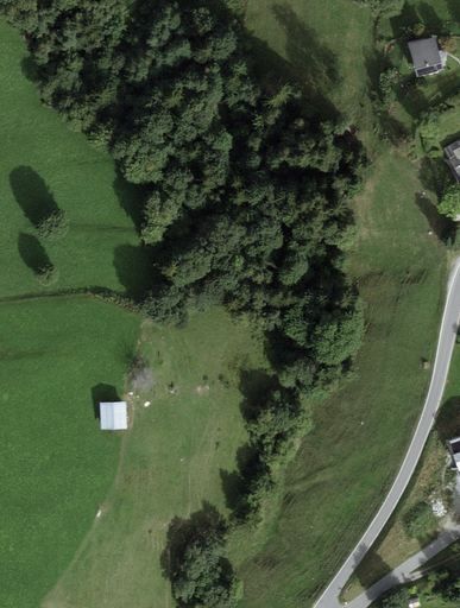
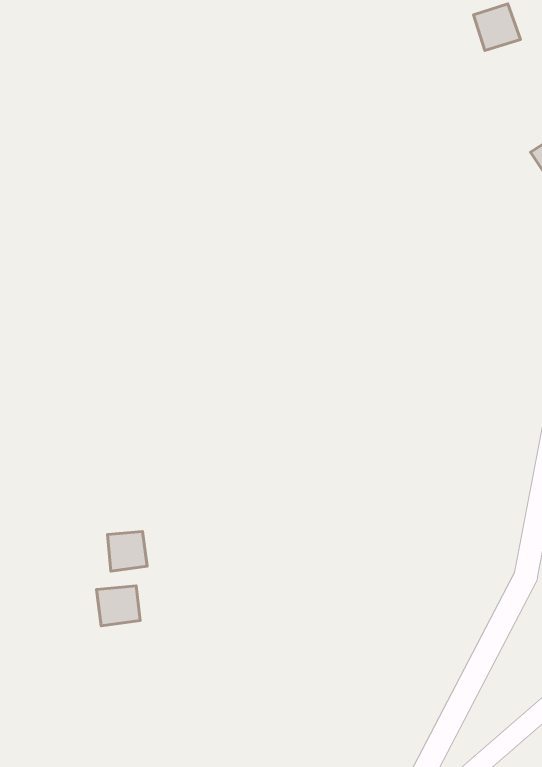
building: none -> [96,586,140,626]

